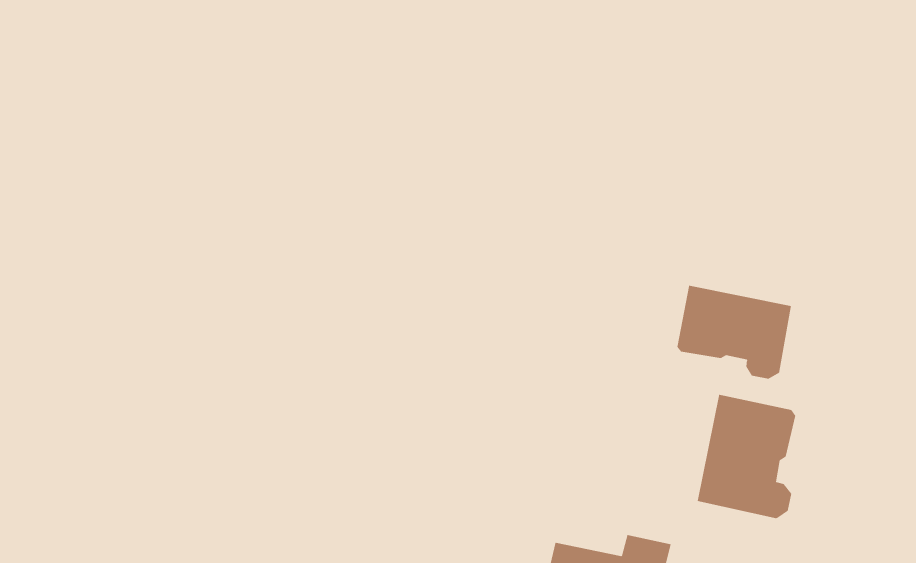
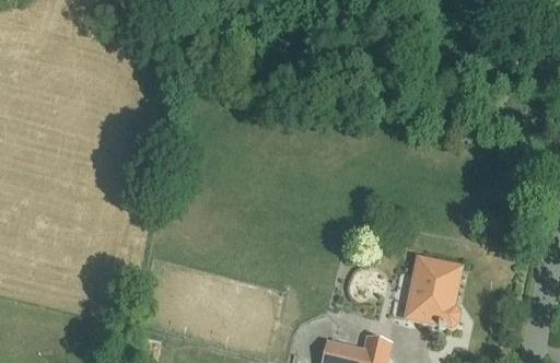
building: [677,285,792,379] -> none

